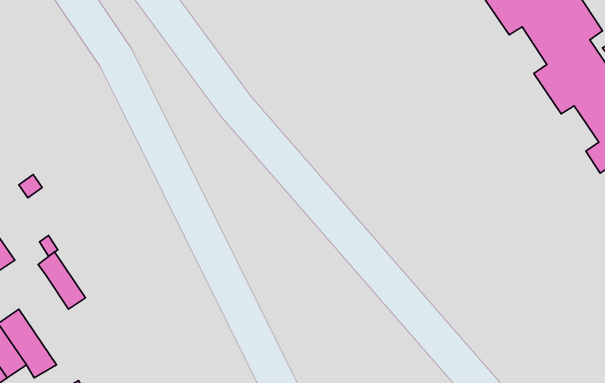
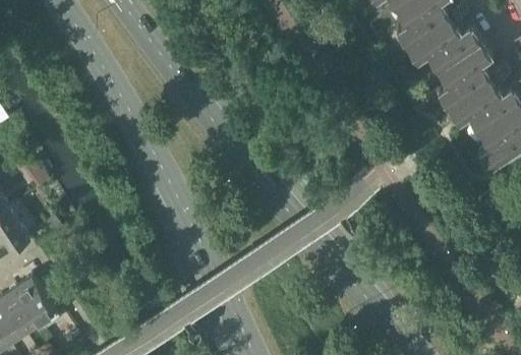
building: [38,252,85,309] -> none

